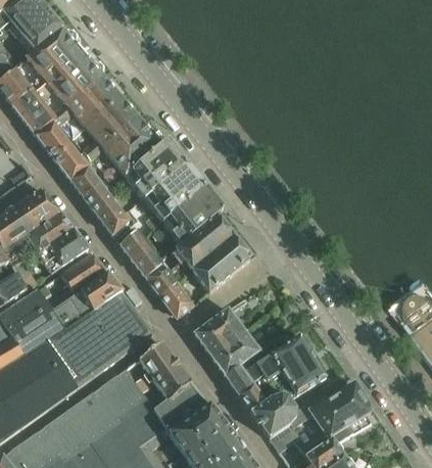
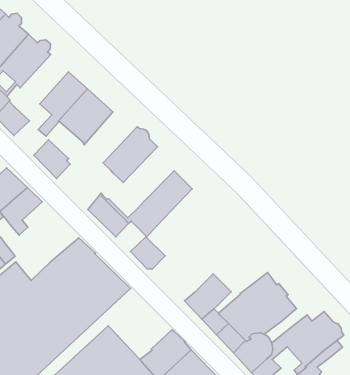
building: [51,77,119,127] -> none
building: [126,141,184,197] -> none
building: [53,143,89,180] -> none
building: [144,188,222,259] -> none
building: [92,194,130,234] -> none
building: [50,230,88,266] -> none
building: [191,237,249,292] -> none
building: [38,252,107,311] -> none
building: [146,263,179,294] -> none
building: [195,309,243,354] -> none
building: [135,342,192,400] -> none

